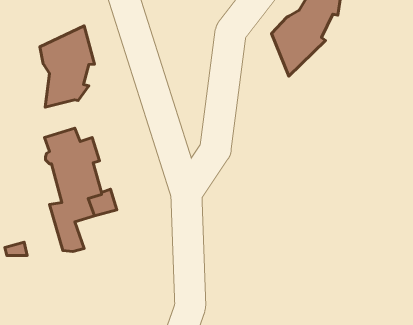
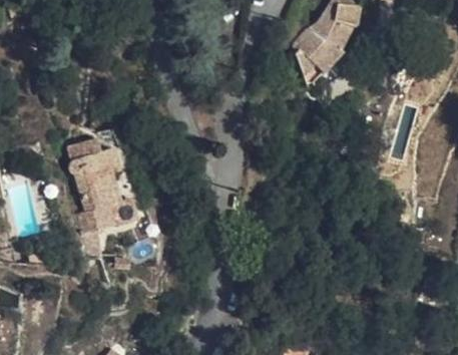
building: [40,26,94,107] -> none

